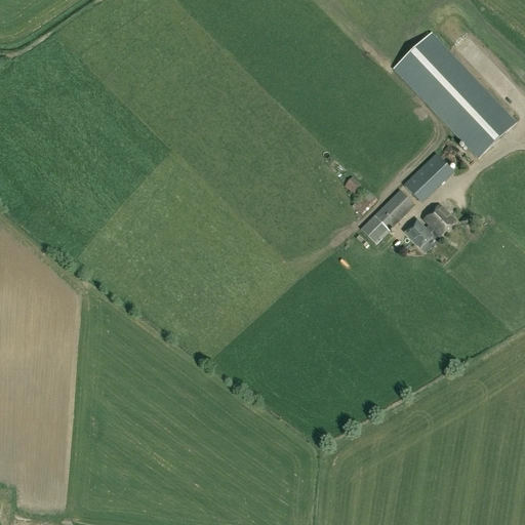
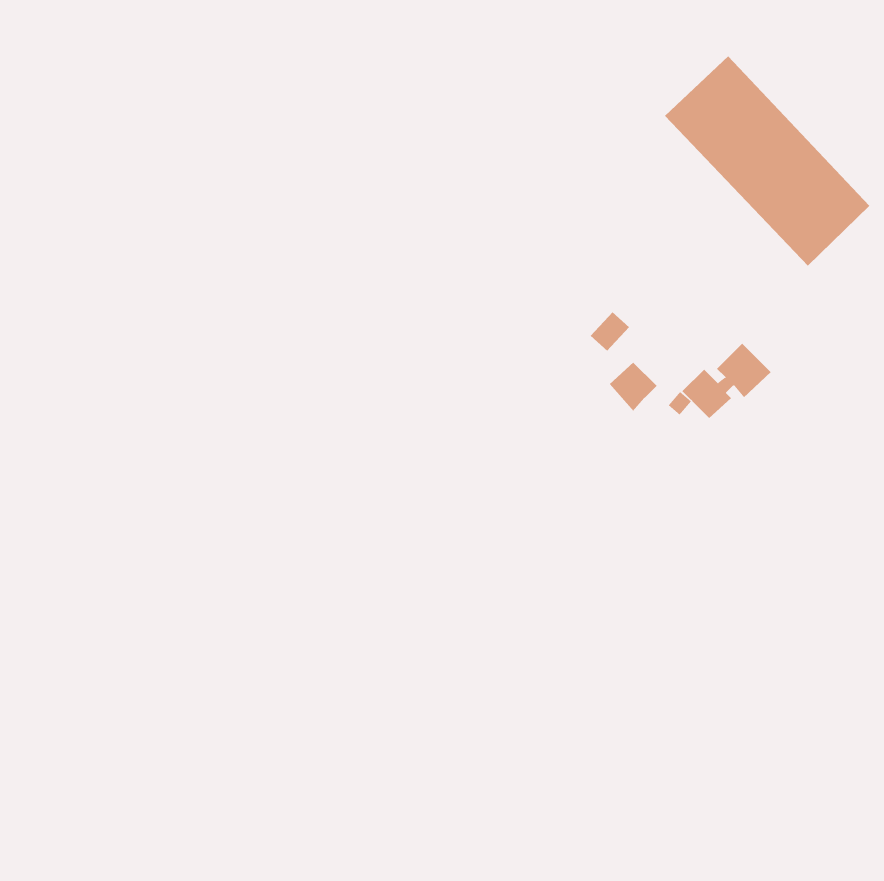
building: [404,153,452,199] -> none
building: [375,189,416,230] -> none

